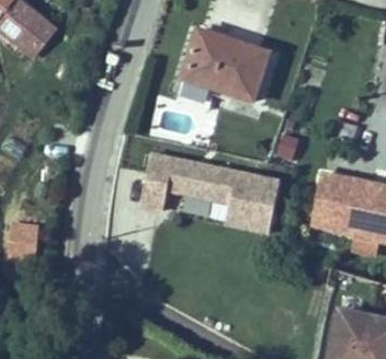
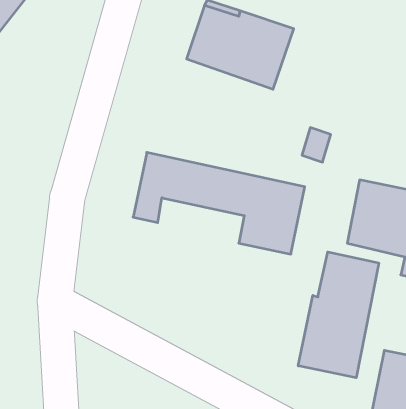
building: none -> [298,252,379,378]

